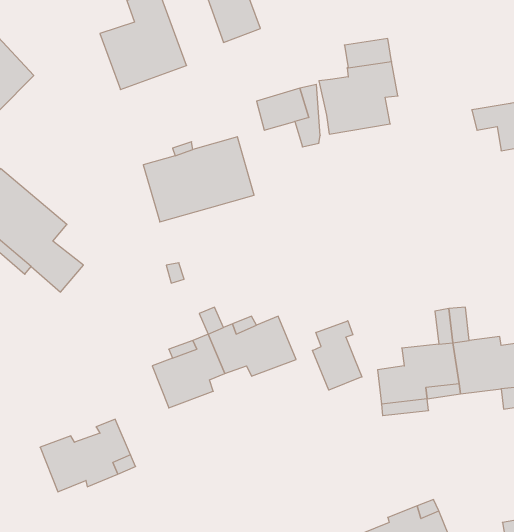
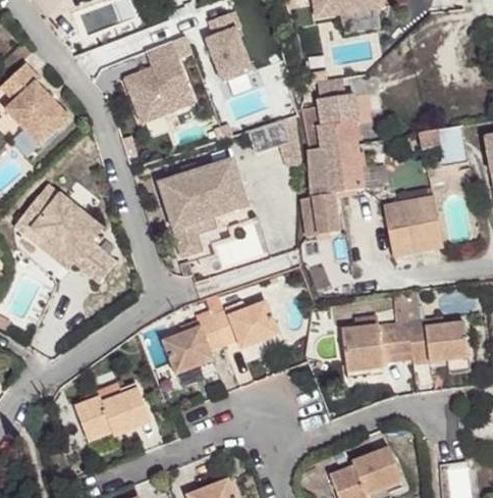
building: none -> [299,146,362,240]
building: none -> [384,191,450,260]
building: none -> [171,213,214,252]
building: [312,321,362,390] -> none

